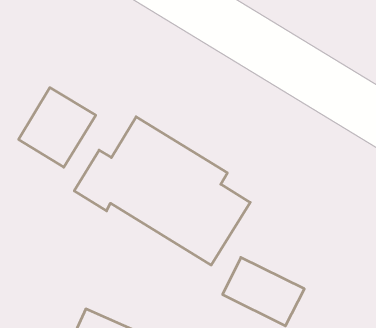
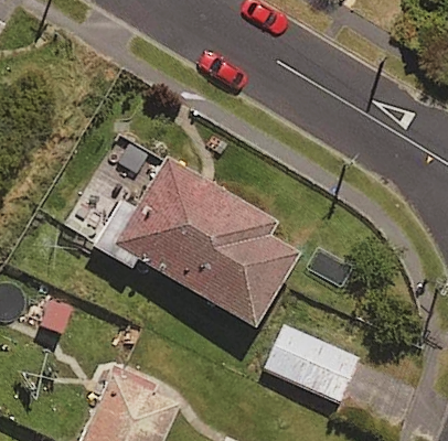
building: [19,88,96,167] -> none

